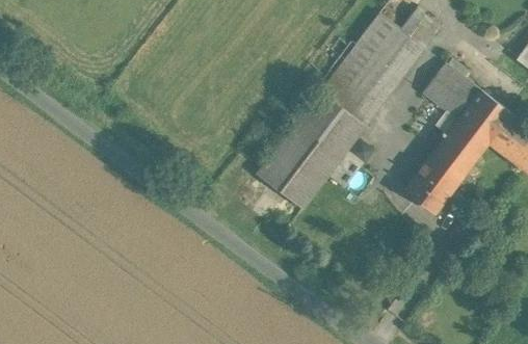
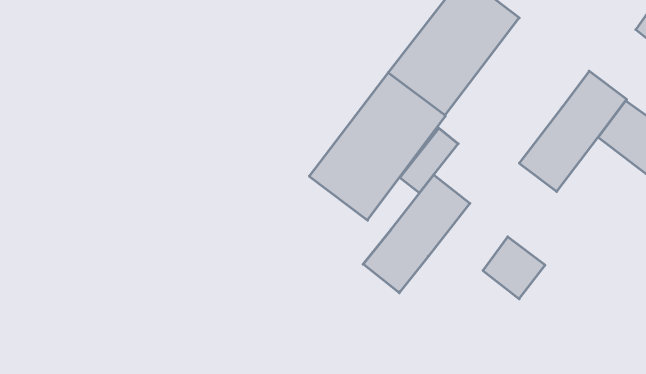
building: [421,63,479,118] -> none
building: [403,163,453,213] -> [483,237,545,299]
building: none -> [363,175,470,293]

